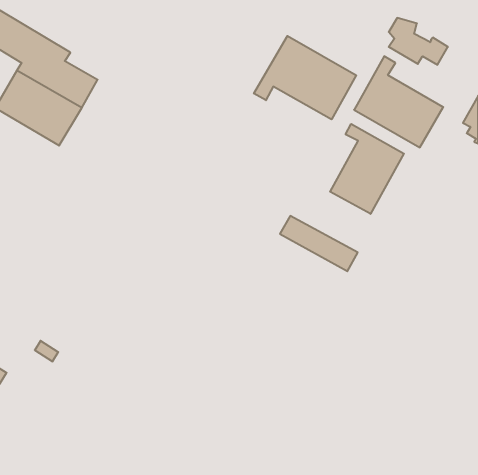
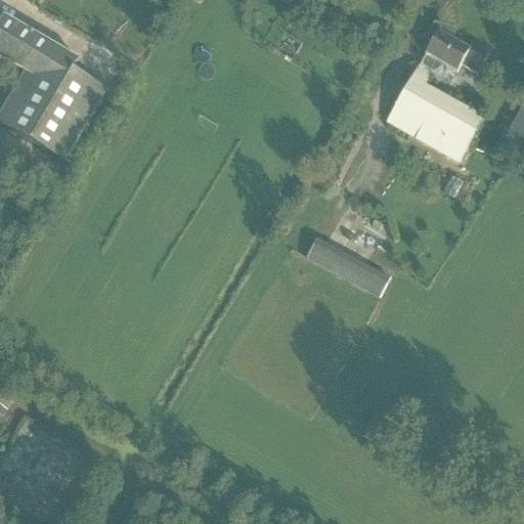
building: [254,36,356,119] -> none
building: [330,124,404,214] -> none

